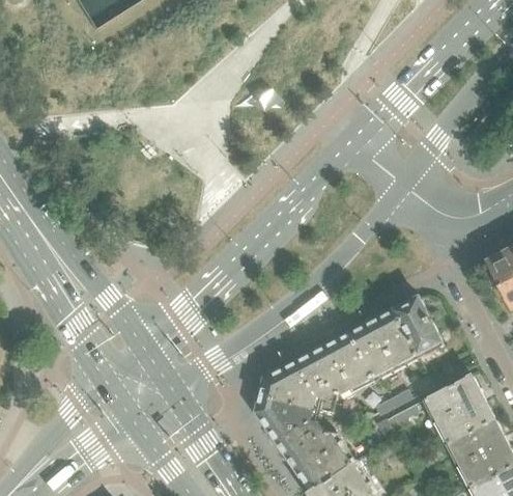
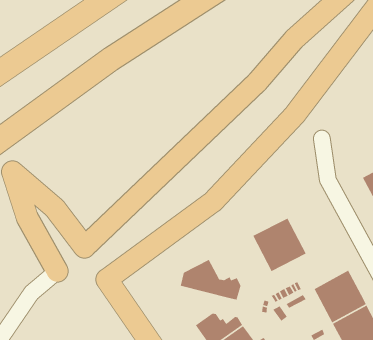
building: [394,297,443,355] -> none
building: [295,332,373,395] -> none
building: [255,395,327,444] -> none

